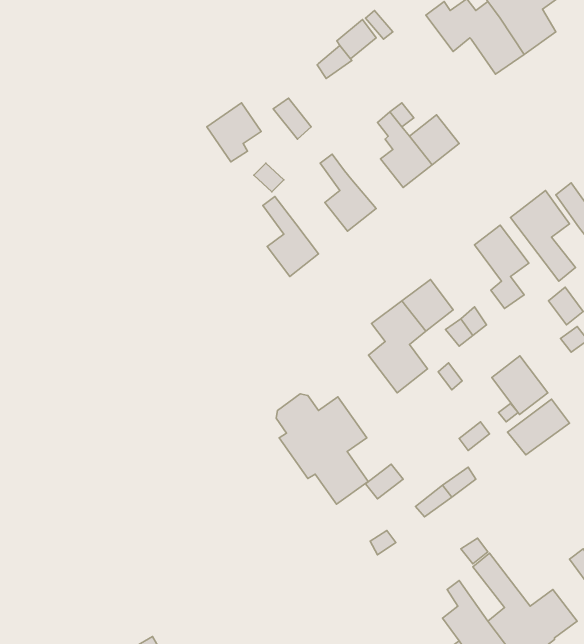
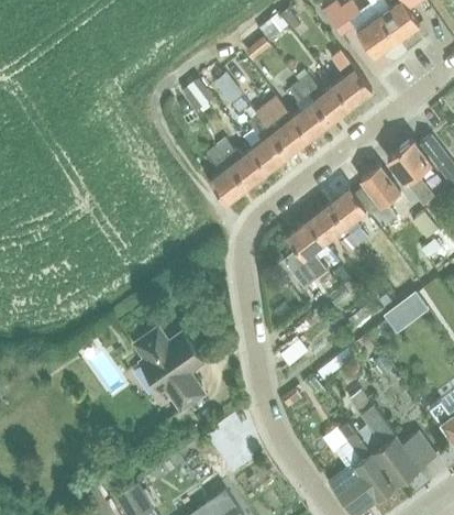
building: none -> [332,53,372,108]
building: none -> [255,96,309,155]
building: none -> [215,139,268,188]
building: none -> [329,189,366,229]
building: [492,356,548,414] -> none
building: [276,394,368,504] -> [139,331,206,412]

